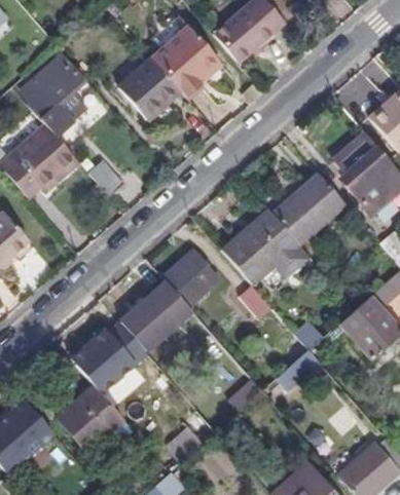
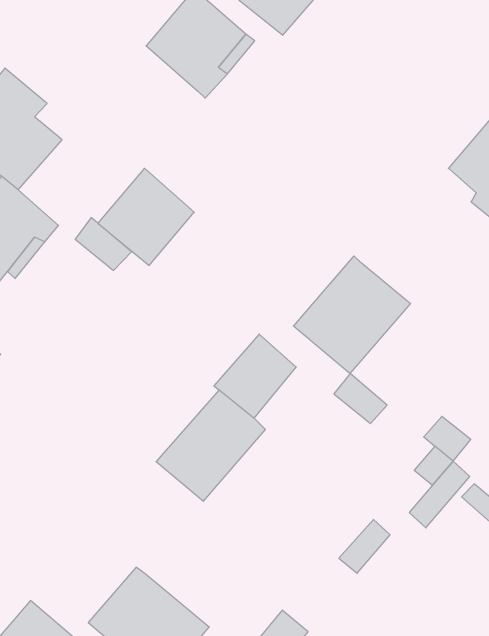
building: [118,55,181,118] -> [98,168,194,265]
building: [269,172,348,249] -> none
building: [72,321,147,392] -> none

